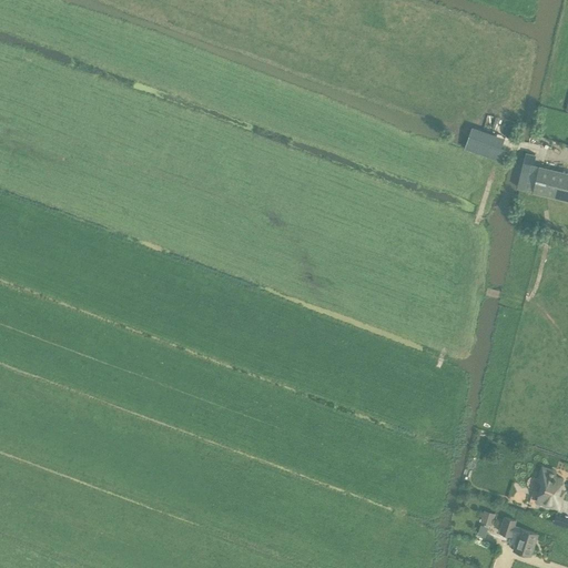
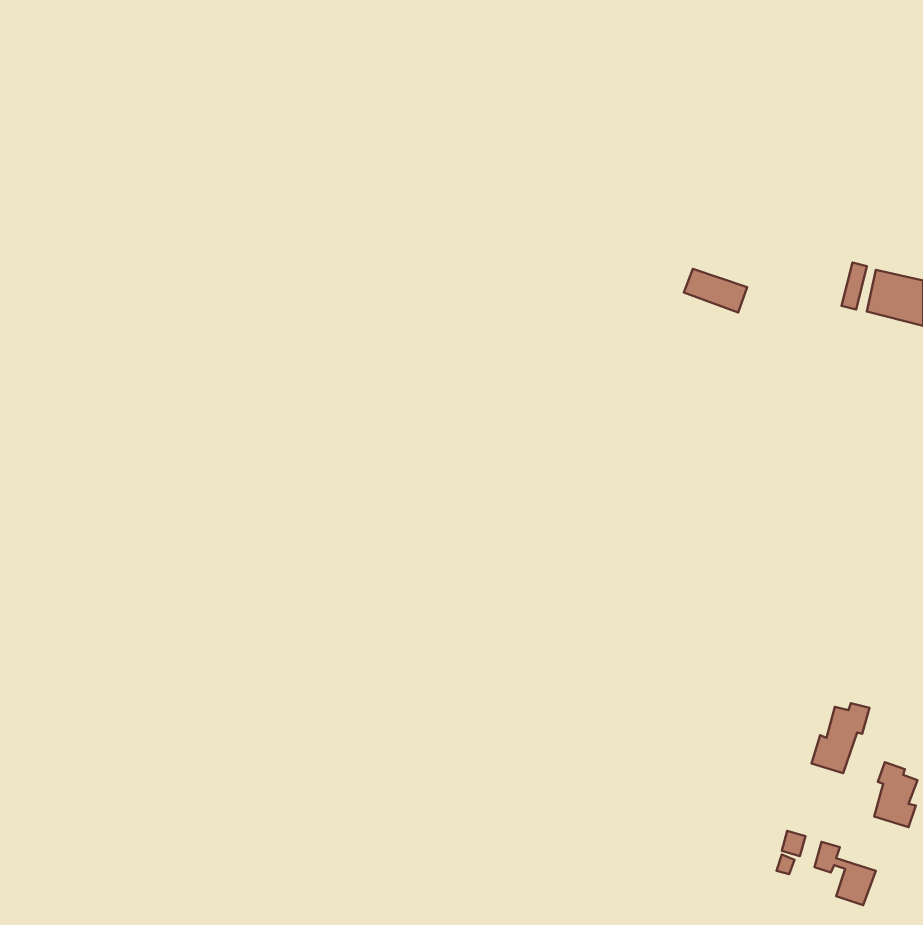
building: [463,133,501,160] -> [684,269,747,312]
building: none -> [812,703,870,773]

